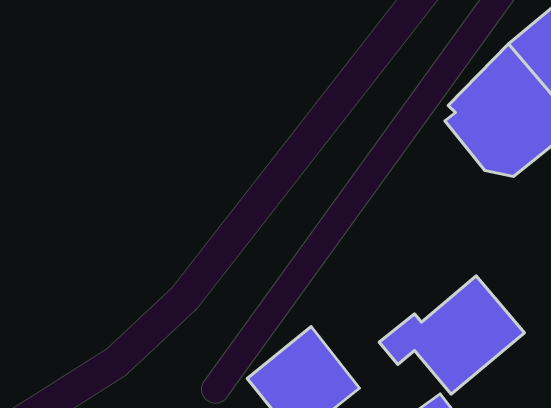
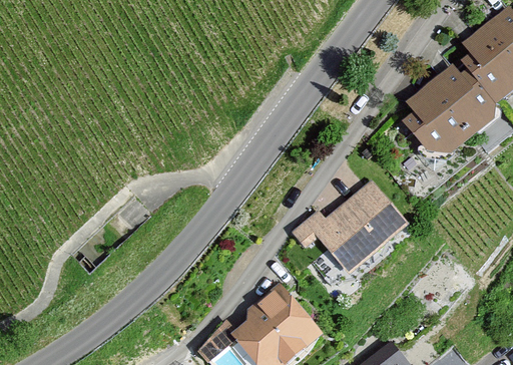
building: [379,276,525,394] -> [289,178,412,279]

